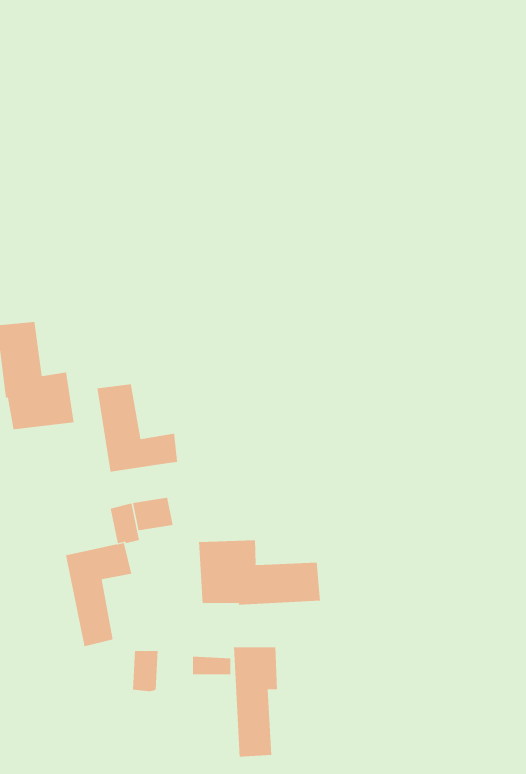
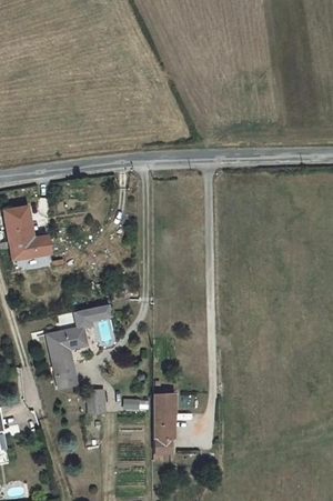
building: [97,384,178,473] -> none
building: [198,540,321,606] -> none

